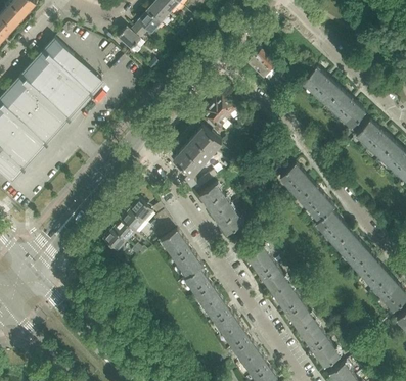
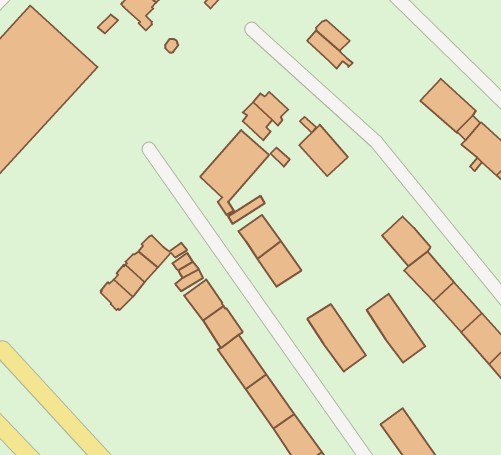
building: [302,67,341,105] -> none
building: [280,163,314,199] -> [299,125,348,176]
building: [273,283,314,331] -> [367,294,425,363]

